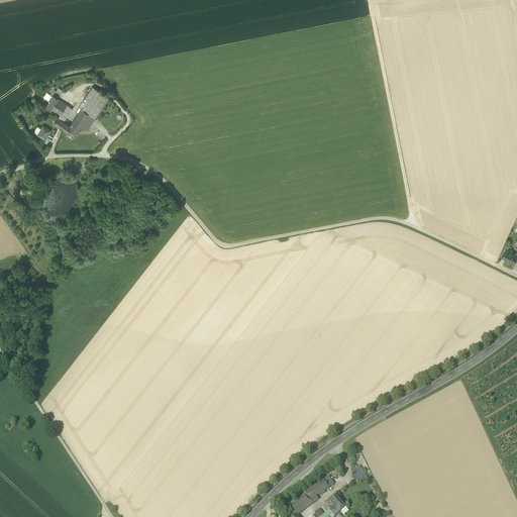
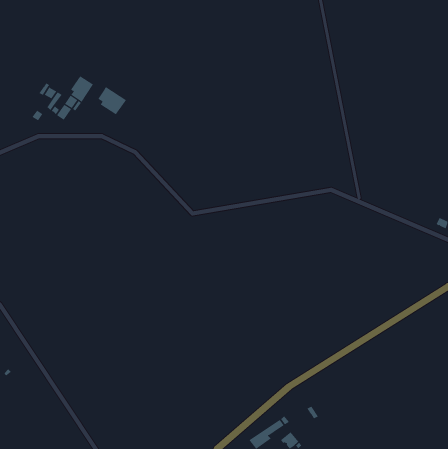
building: none -> [97,86,127,115]

